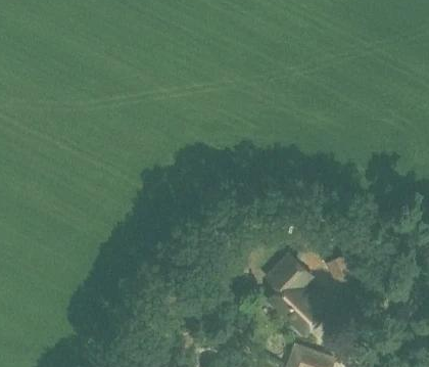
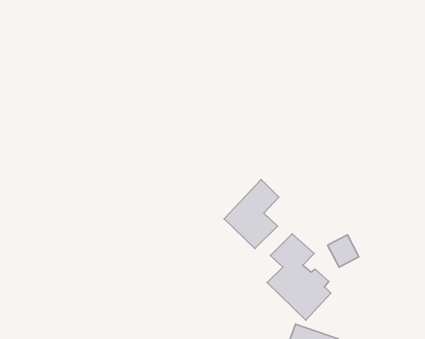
building: none -> [224,179,279,249]

